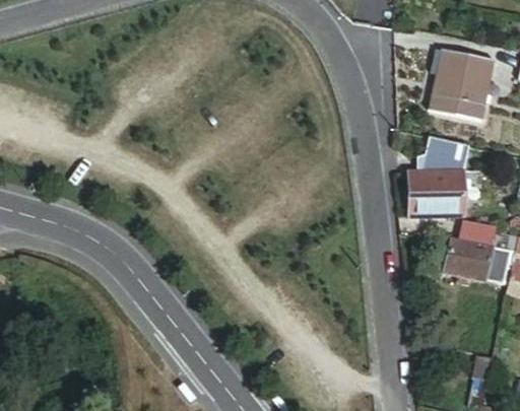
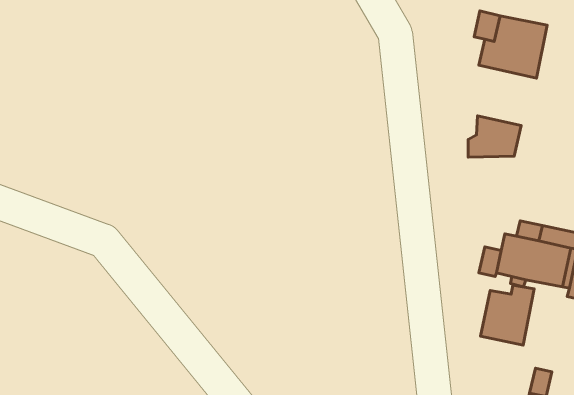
building: [409,172,464,216] -> none
building: none -> [480,285,534,345]

